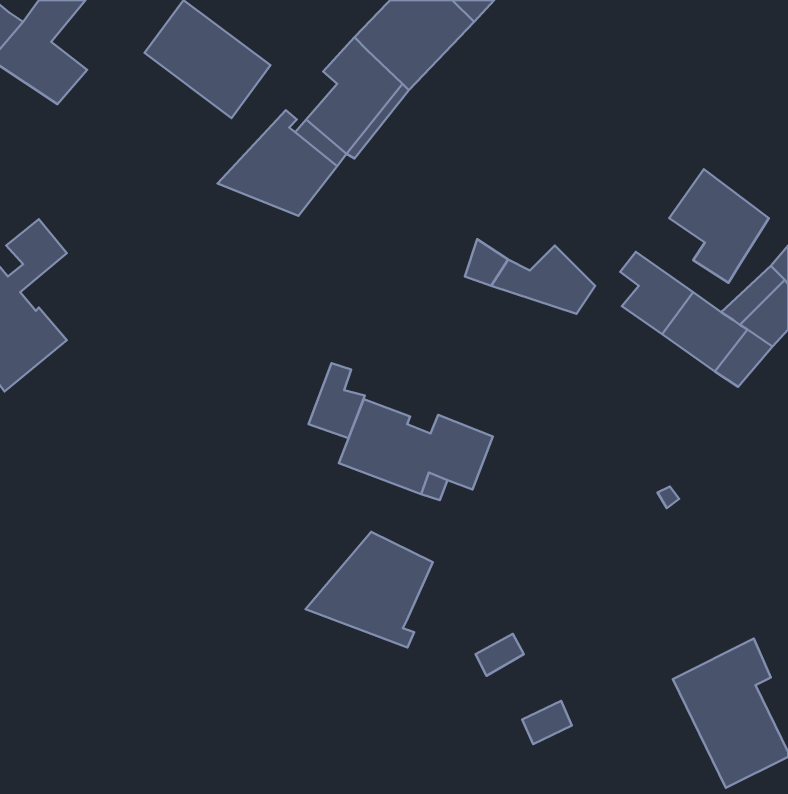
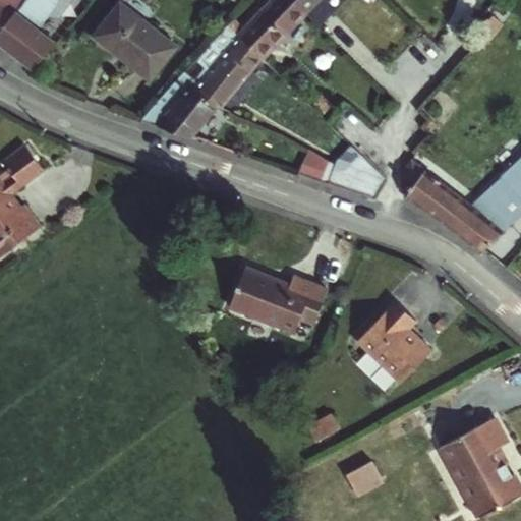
building: [669,169,769,283] -> none
building: [308,363,365,438] -> none
building: none -> [356,306,430,386]
building: [305,532,433,648] -> none

